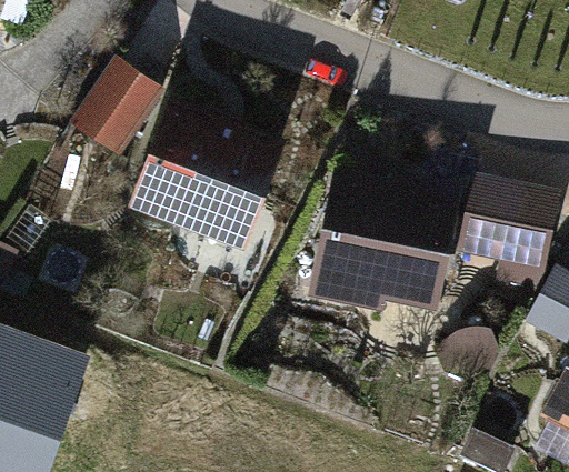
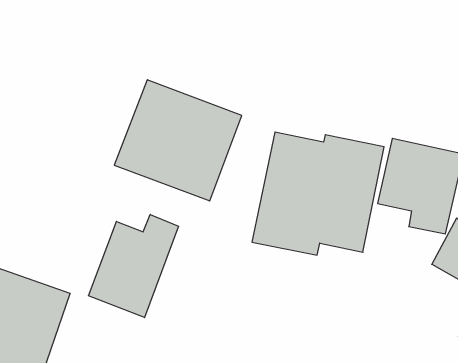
building: [72,63,160,158] -> none
building: none -> [88,214,179,318]

